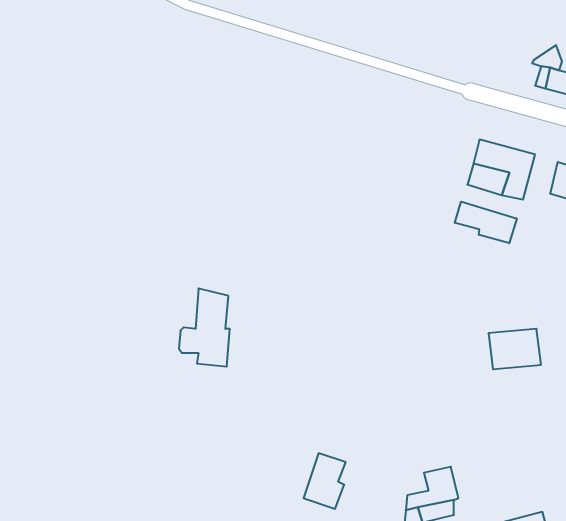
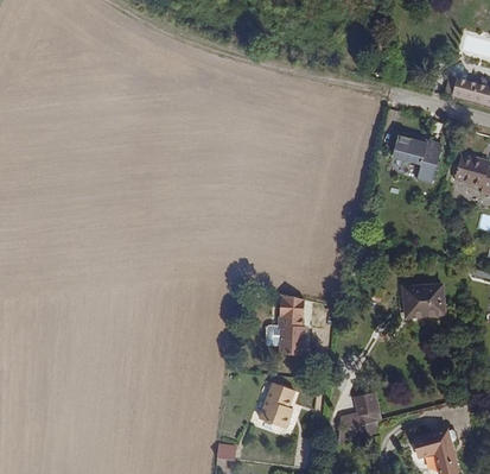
building: [455,202,517,243] -> none
building: [179,288,230,366] -> [265,292,305,354]

